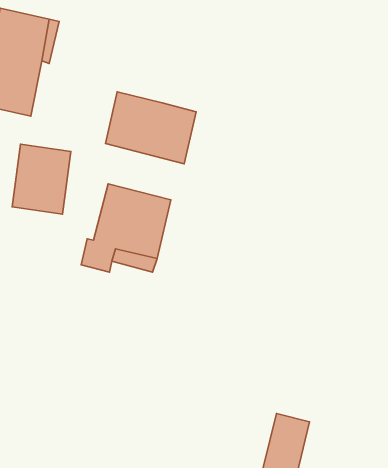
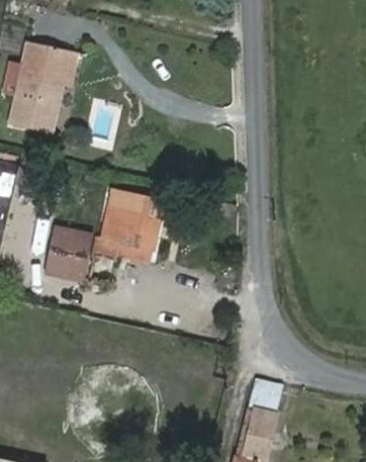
building: [105,92,196,164] -> none
building: [12,144,71,214] -> [40,223,89,281]

